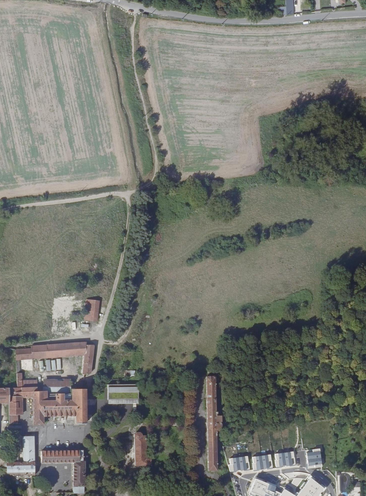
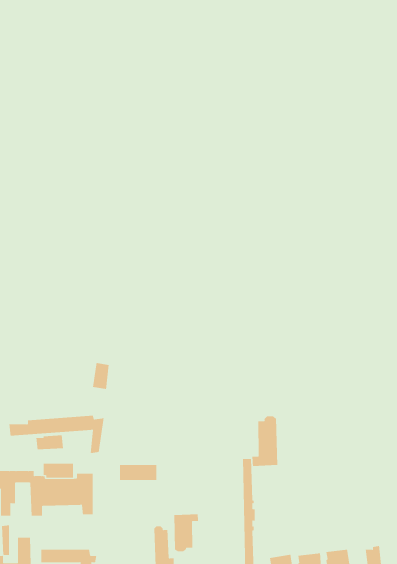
building: none -> [252,415,278,467]
building: none -> [174,513,199,552]

